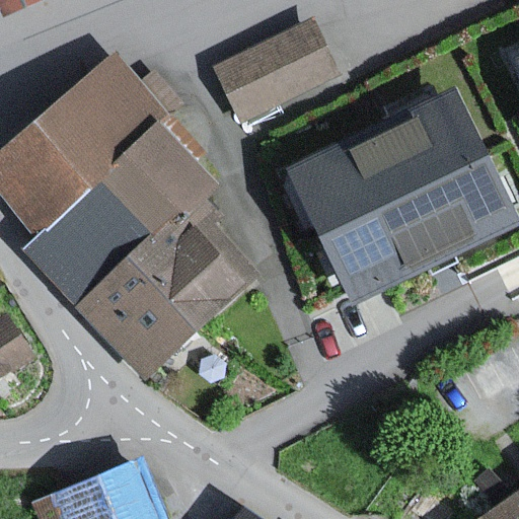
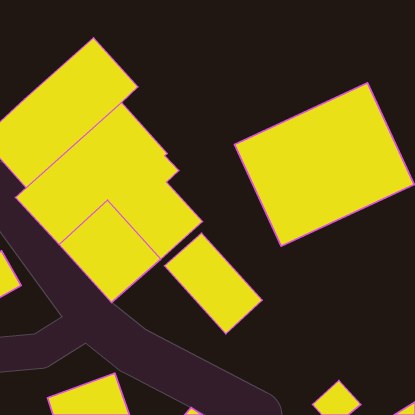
building: [216,20,333,116] -> none
building: none -> [164,233,262,334]

